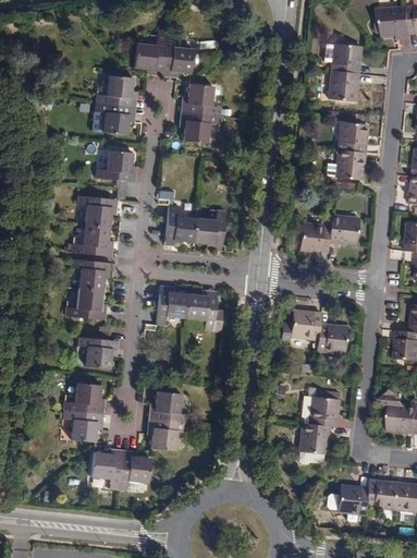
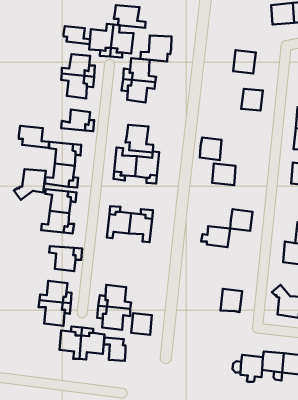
building: none -> [114,5,146,28]
building: none -> [64,26,90,44]
building: [330,44,359,74] -> none
building: none -> [140,36,171,62]
building: [334,150,364,182] -> none
building: none -> [126,125,153,152]
building: none -> [19,126,49,148]
building: [329,216,358,246] -> [200,138,221,160]
building: none -> [14,169,46,200]
building: [318,323,348,352] -> [230,209,253,231]
building: [299,423,329,453] -> none
building: none -> [131,313,152,335]
building: none -> [104,338,125,361]

